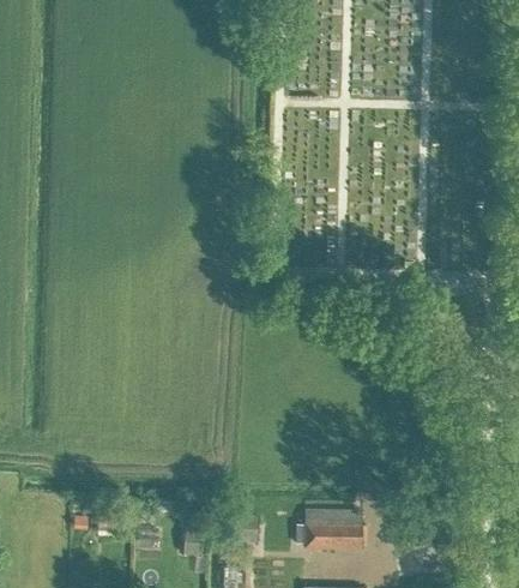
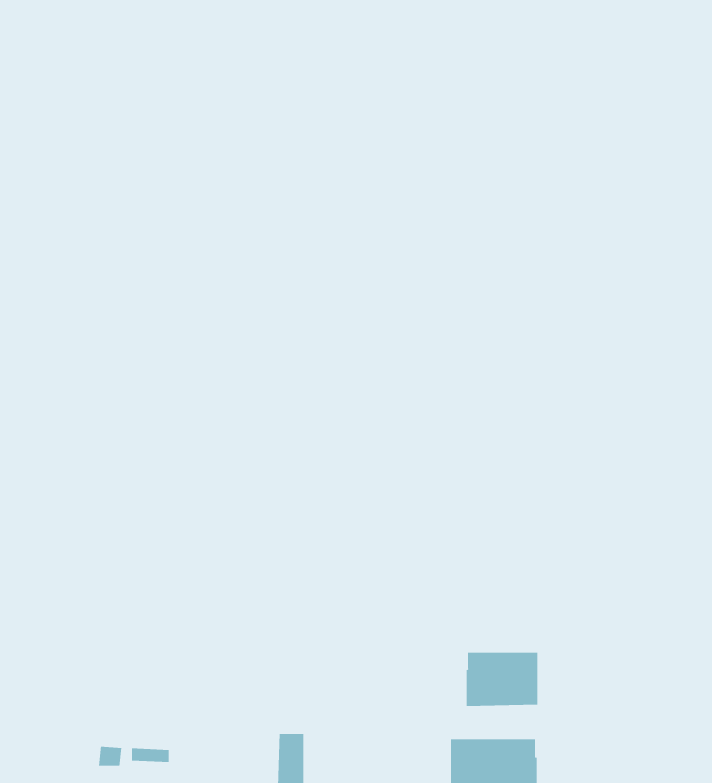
building: none -> [466,652,538,707]

